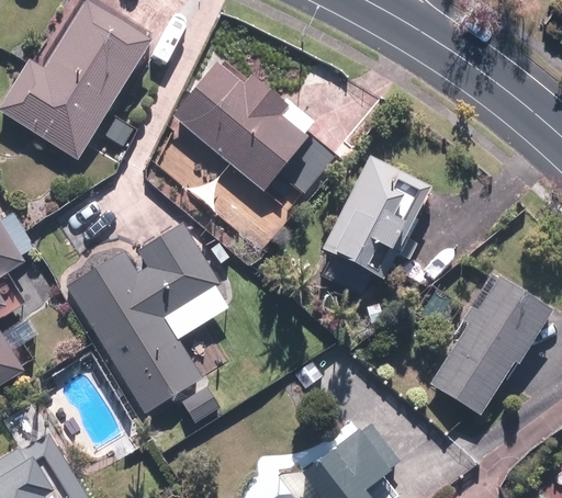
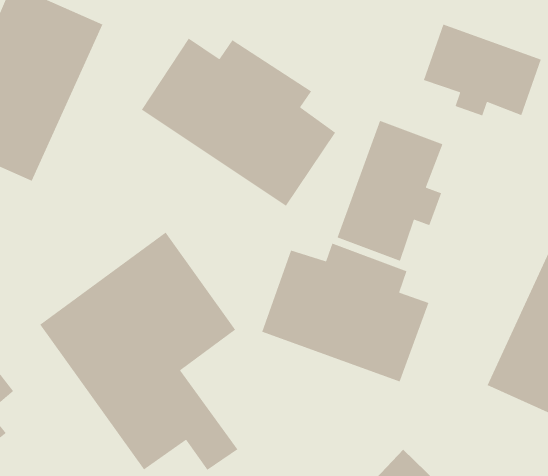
building: none -> [423,23,542,116]
building: none -> [261,243,430,382]

